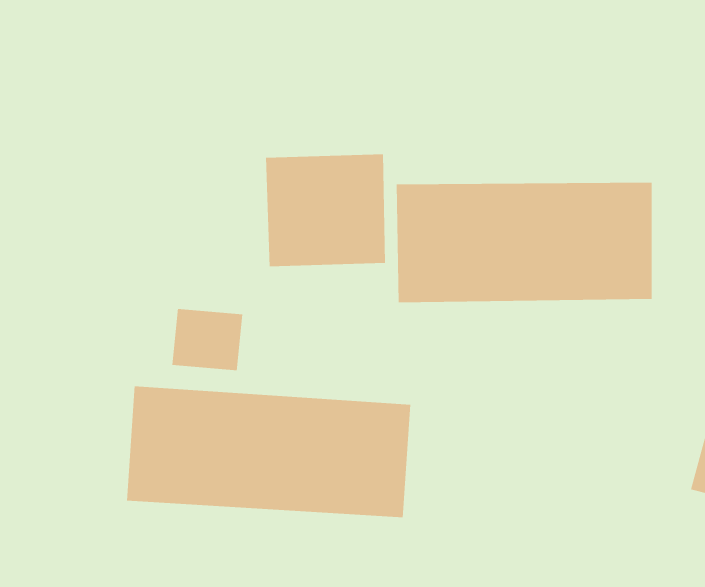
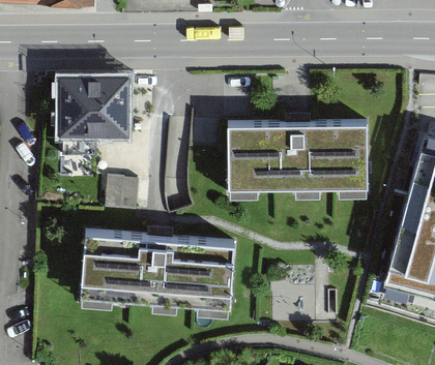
building: [265,154,386,267] -> [55,75,121,138]

